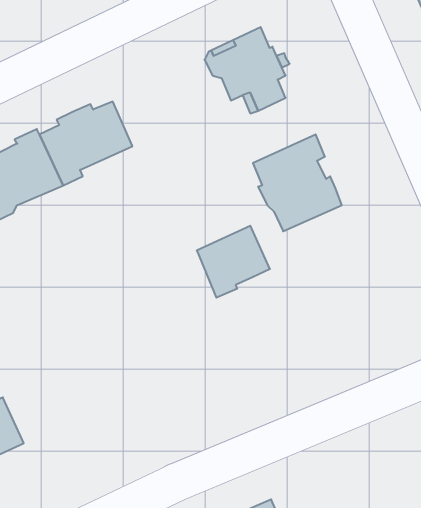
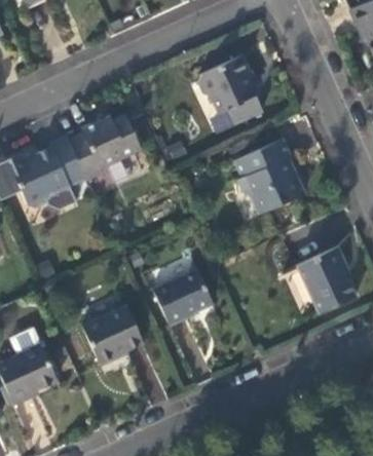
building: [197,226,270,298] -> [154,269,212,326]
building: none -> [298,248,356,313]
building: none -> [82,307,143,367]

